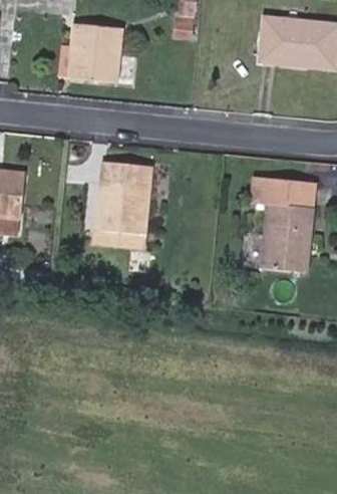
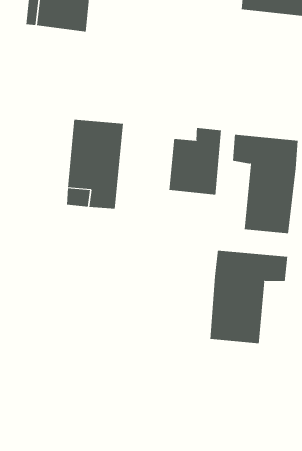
building: none -> [169,127,222,195]
building: none -> [210,250,288,344]

